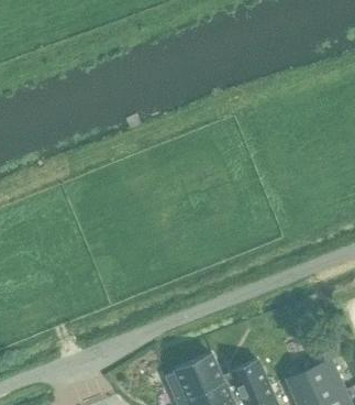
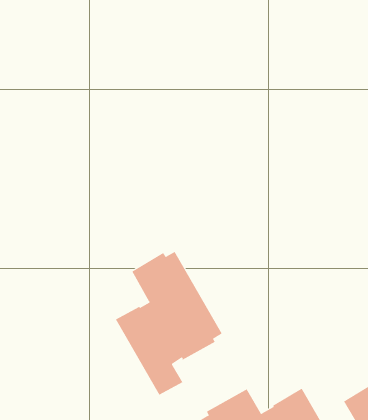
building: none -> [115,251,223,396]

